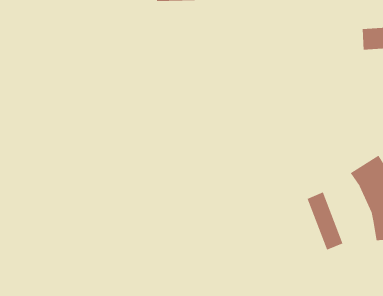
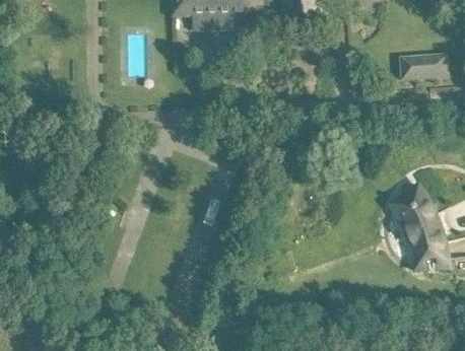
building: [307,192,343,251] -> none

